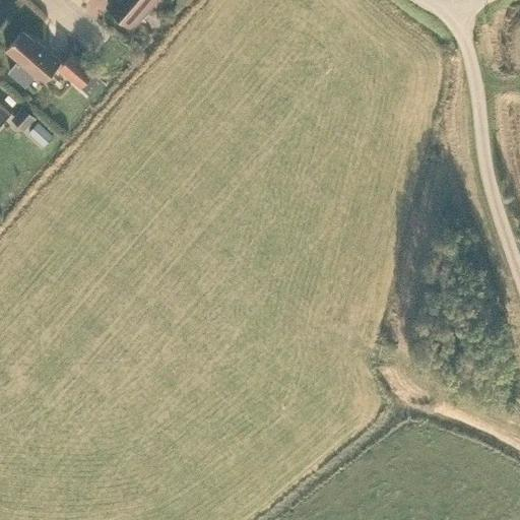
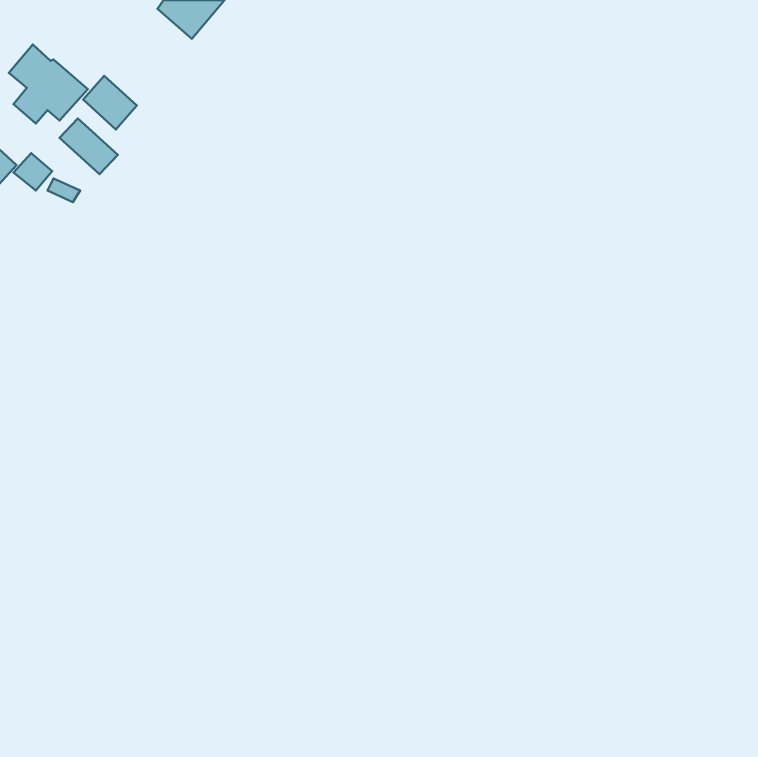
building: none -> [59,119,118,174]

